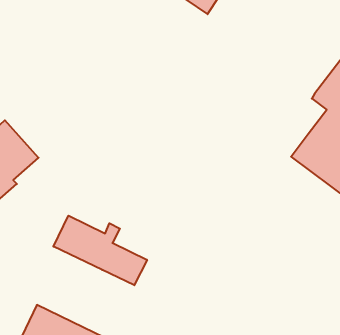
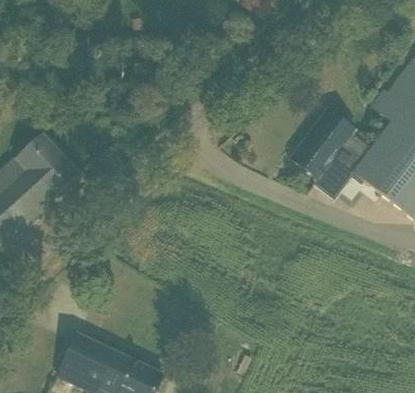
building: none -> [291,109,371,182]
building: [53,216,147,285] -> none

